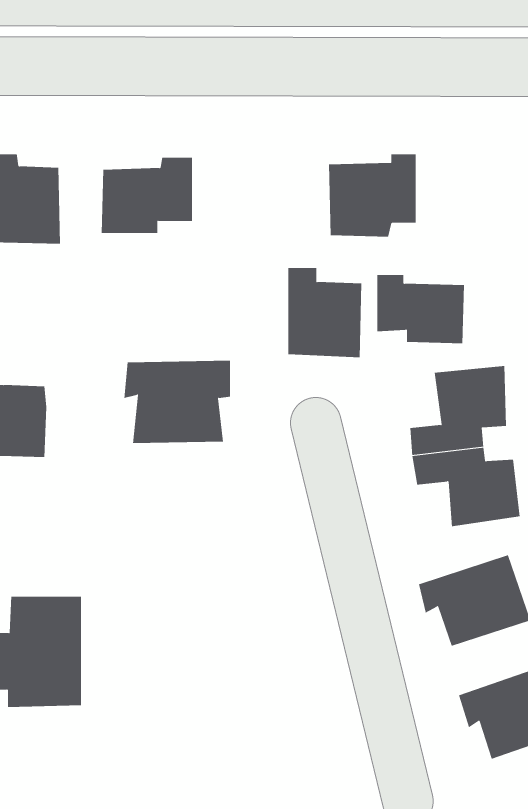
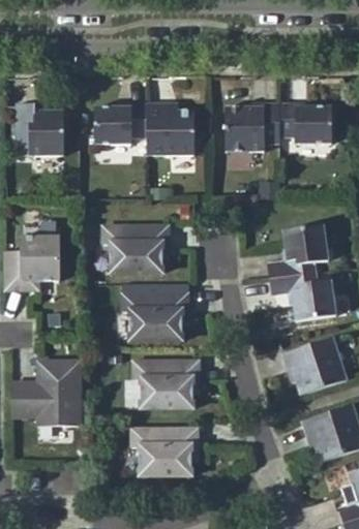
building: [288,268,362,358] -> [145,101,189,155]
building: [377,275,465,344] -> [278,99,331,141]
building: none -> [121,291,186,339]
building: none -> [142,364,206,408]
building: none -> [131,428,201,474]

